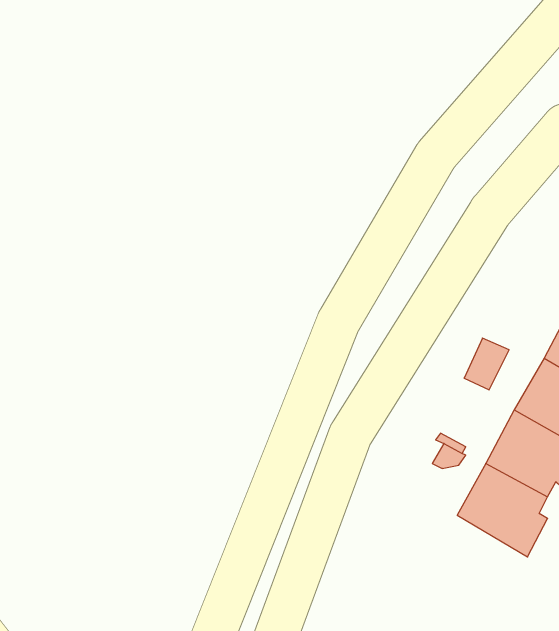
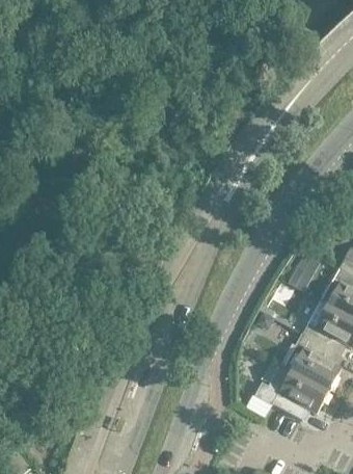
building: none -> [254,363,329,419]

